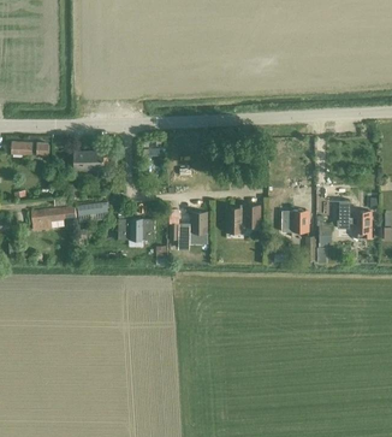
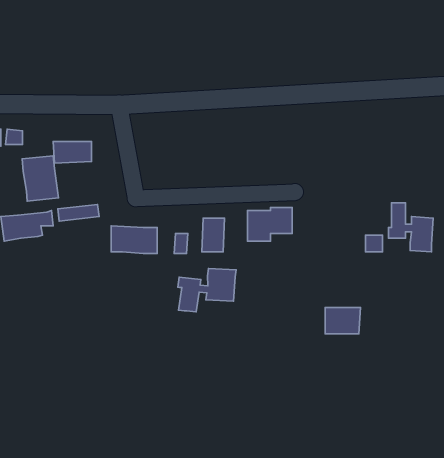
building: none -> [22,156,59,201]
building: [280,211,308,231] -> [325,308,360,334]
building: none -> [178,269,236,312]

